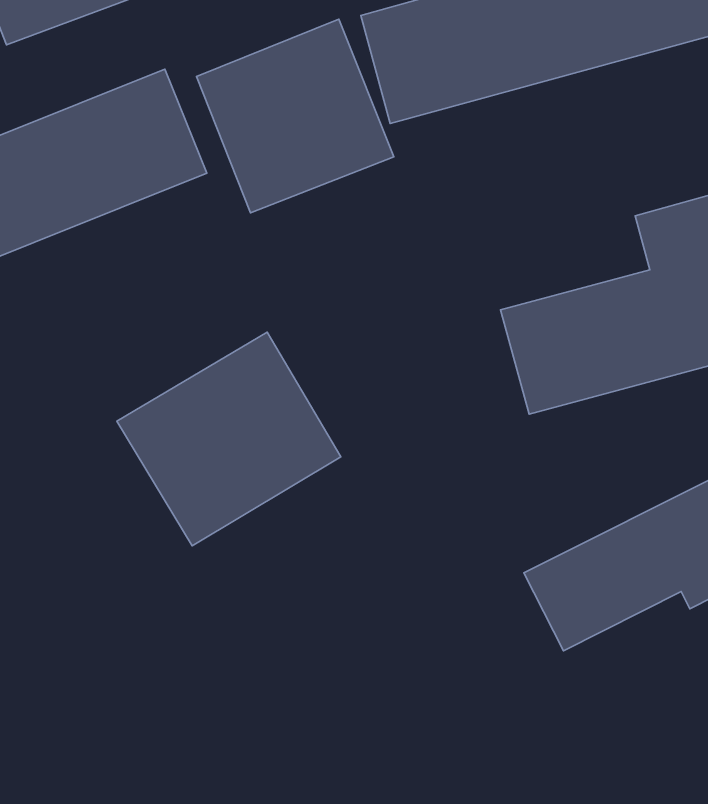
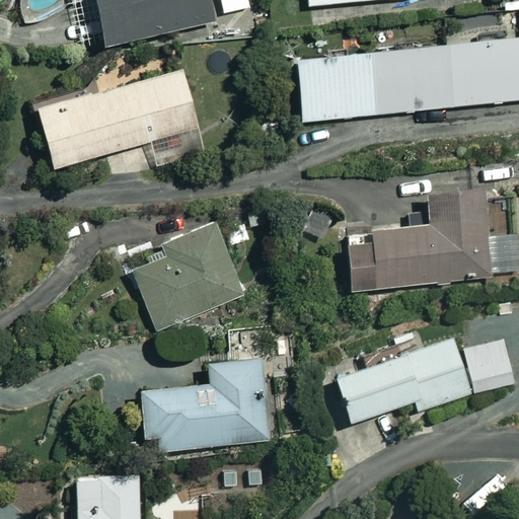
building: [197,19,394,213] -> none
building: none -> [140,360,287,449]

